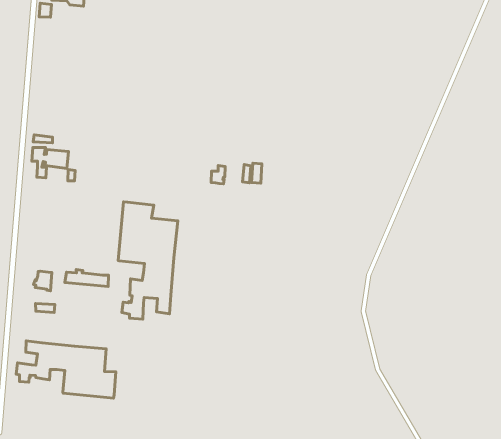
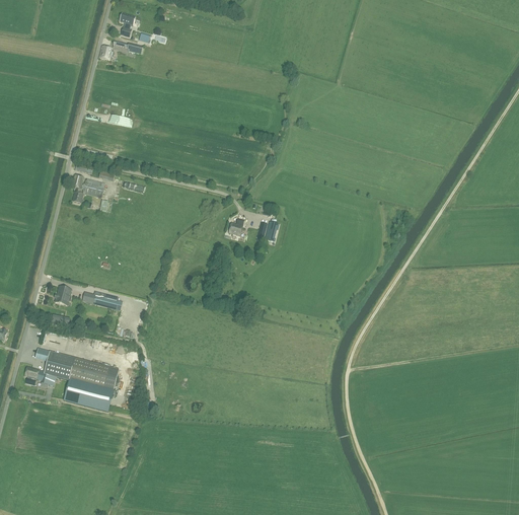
building: [118,202,178,319] -> none

